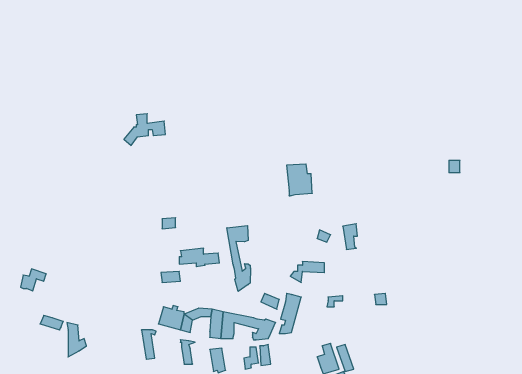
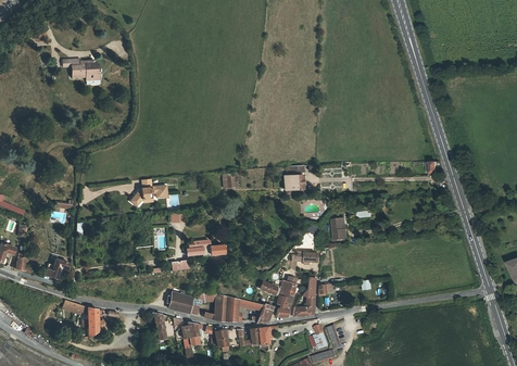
building: none -> [66,59,99,81]
building: [124,114,165,145] -> [130,178,167,206]
building: [227,226,250,291] -> none
building: none -> [293,278,314,315]

